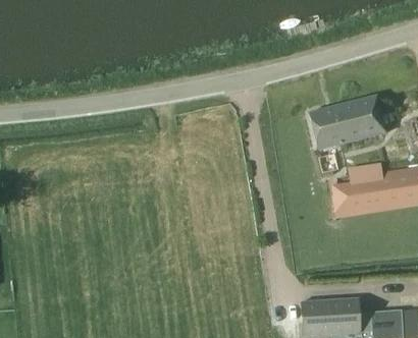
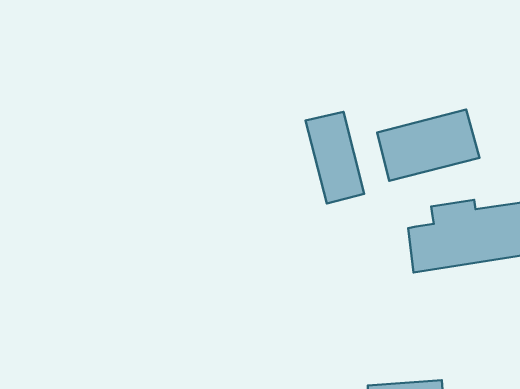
building: none -> [306,112,364,204]

